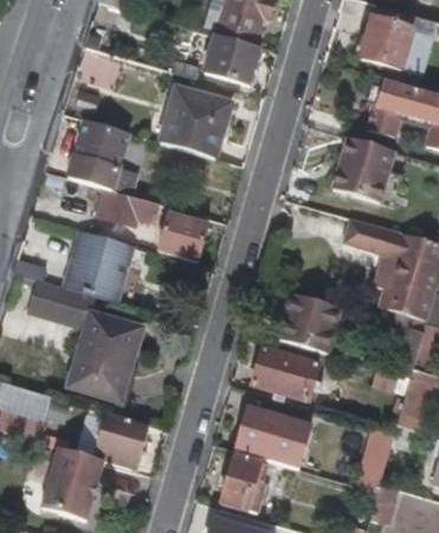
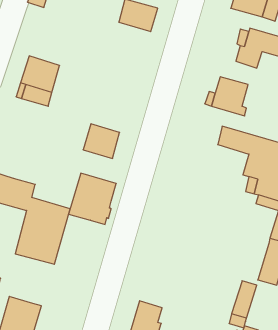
building: [162,86,230,156] -> none
building: [109,192,161,225] -> none
building: [64,230,129,300] -> [69,173,116,224]
building: [276,289,341,349] -> none
building: [253,346,311,394] -> none
building: [234,405,312,465] -> none
building: [90,411,149,469] -> none

